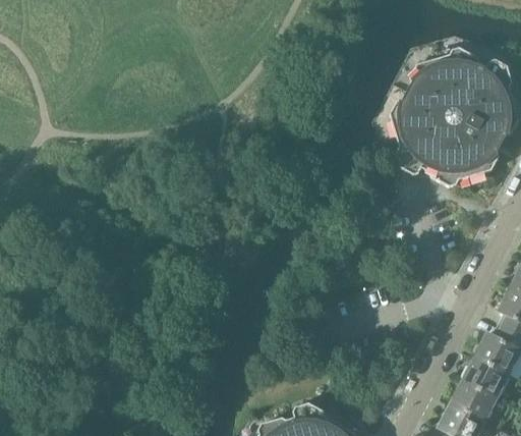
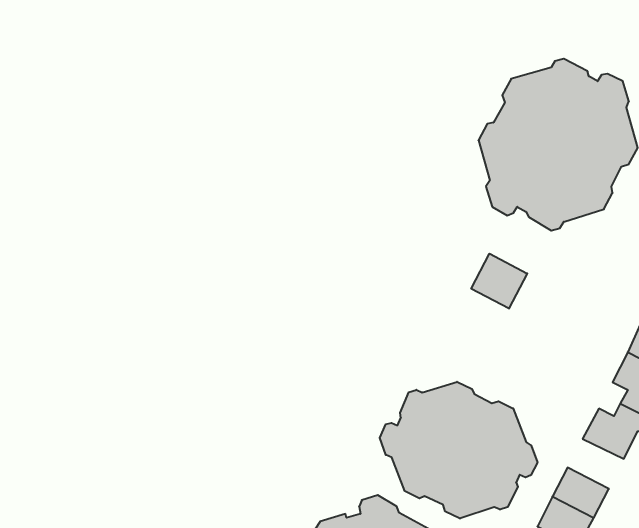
building: none -> [471,254,527,309]
building: none -> [380,382,537,519]
building: [461,358,507,398] -> none

